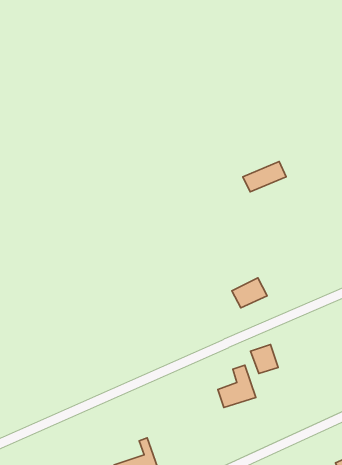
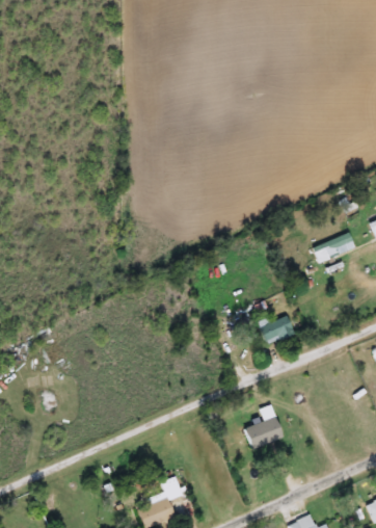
building: [243,162,286,192] -> [312,232,356,263]
building: [250,344,278,374] -> none

